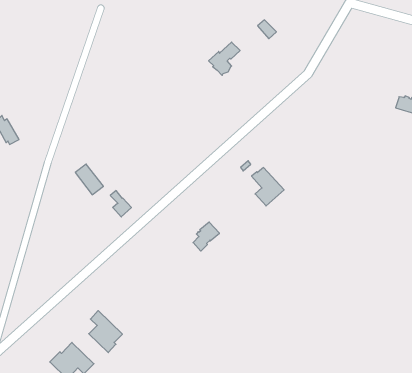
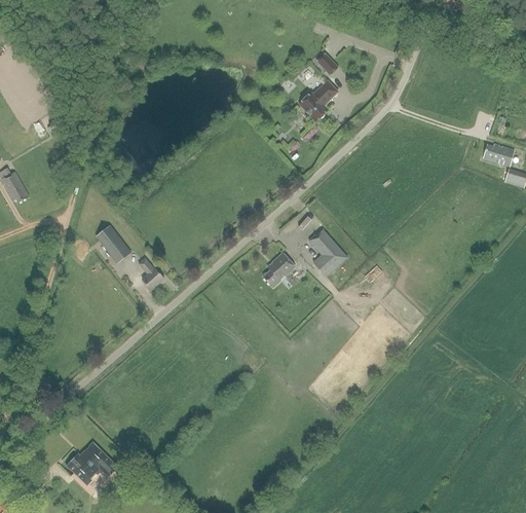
building: [209,42,240,75] -> [299,80,337,120]
building: [193,222,219,251] -> [263,252,295,287]
building: [89,311,122,353] -> none

